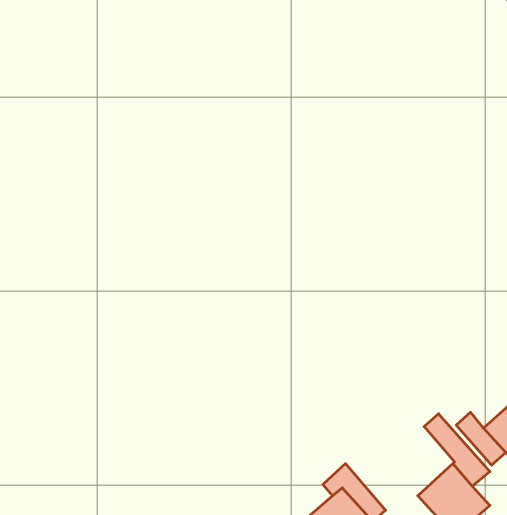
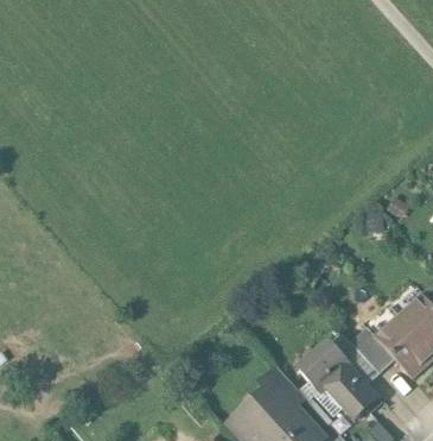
building: none -> [298,336,356,393]

